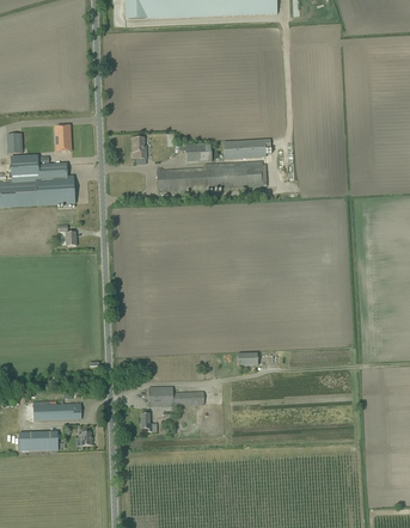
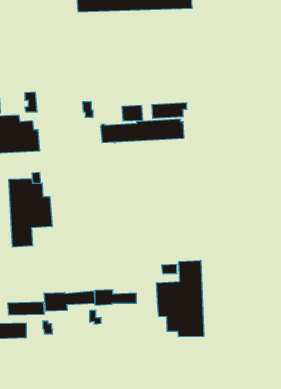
building: none -> [9,179,52,247]
building: none -> [157,260,204,337]
building: none -> [44,291,95,311]

